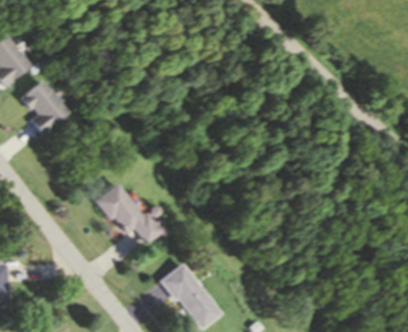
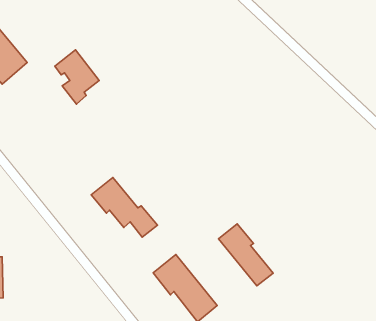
building: [22,83,67,138] -> [55,50,99,104]
building: none -> [219,224,273,286]

